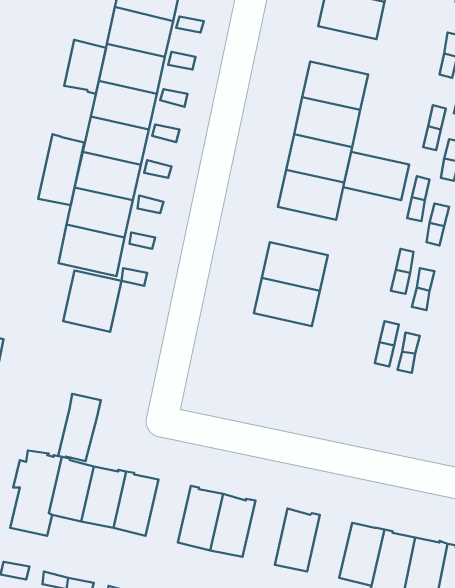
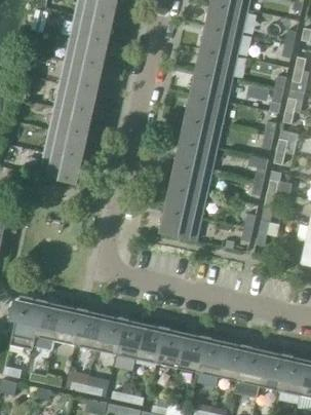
building: none -> [200,26,242,56]
building: [64,40,106,94] -> none
building: [38,134,84,205] -> none
building: [343,152,409,200] -> [174,141,217,172]
building: [63,270,121,332] -> none
building: none -> [159,209,201,241]
building: [58,394,101,461] -> none
building: none -> [95,314,124,354]
building: none -> [157,328,186,369]
building: none -> [198,337,227,377]

